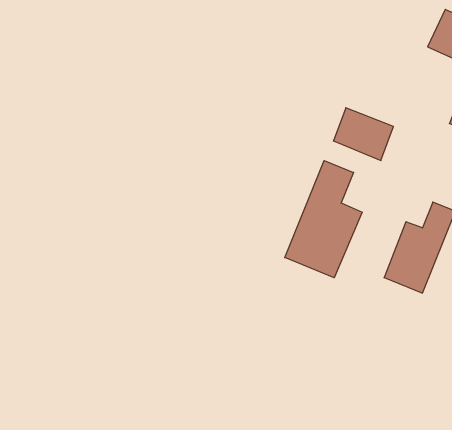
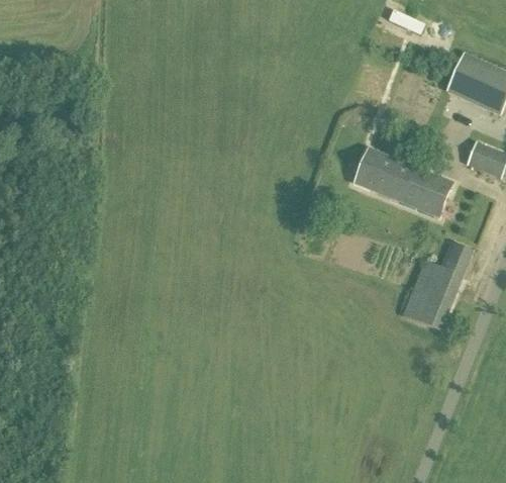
building: none -> [401,167,453,215]
building: [285,161,362,278] -> none

